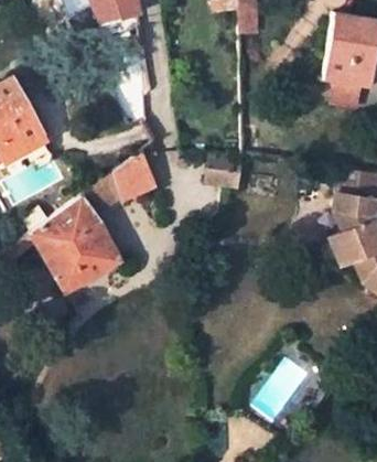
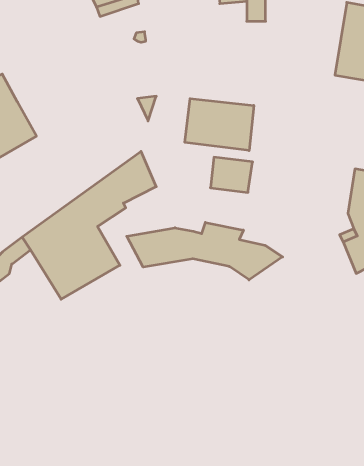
building: none -> [185,99,254,151]
building: none -> [127,222,283,280]

